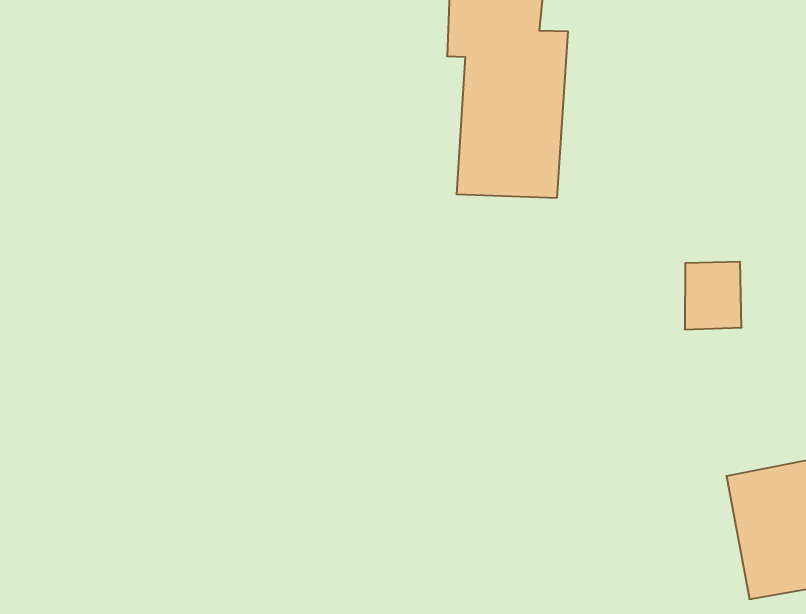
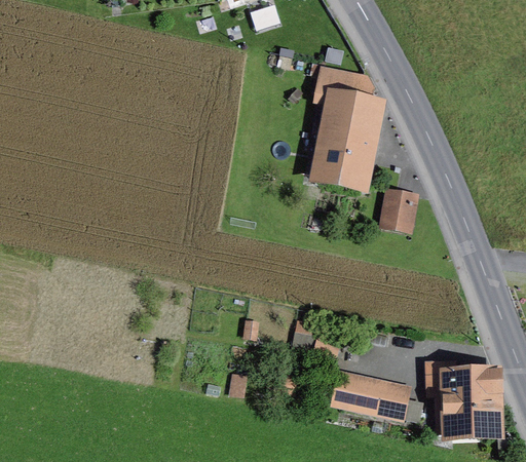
building: [685,262,742,329] -> [381,187,419,229]
building: none -> [335,369,415,420]

